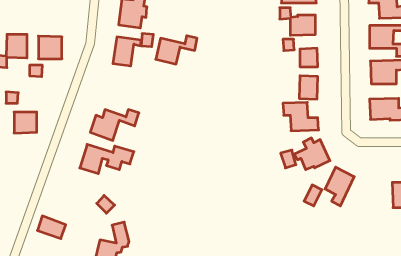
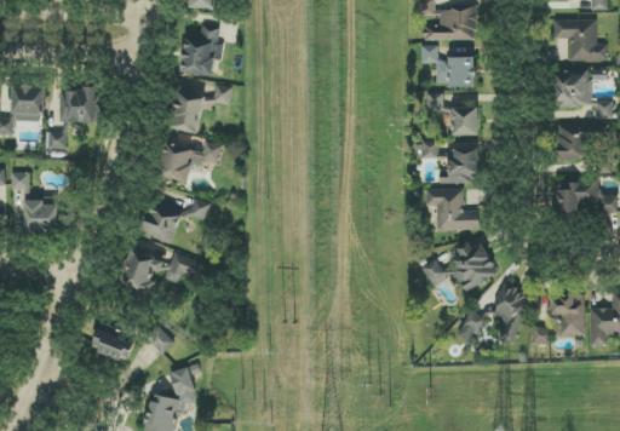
building: [156,36,197,64] -> [159,140,220,183]
building: none -> [532,295,584,343]
building: [37,216,66,239] -> [91,328,133,362]

